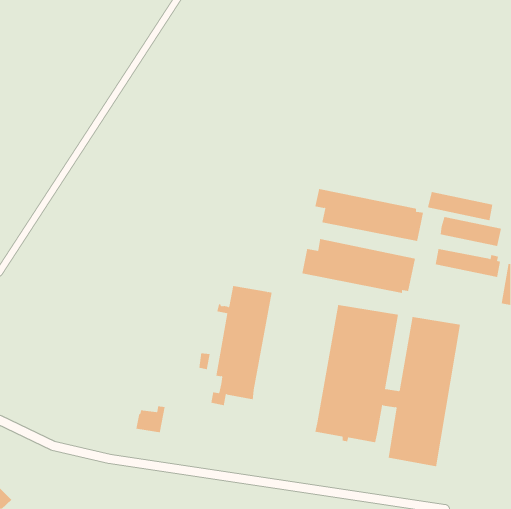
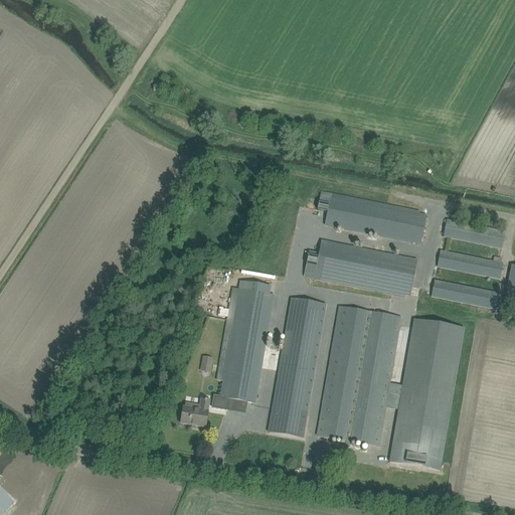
building: [427,192,493,221] -> [430,278,496,307]
building: none -> [268,298,326,436]
building: [135,406,166,433] -> [179,397,209,424]

